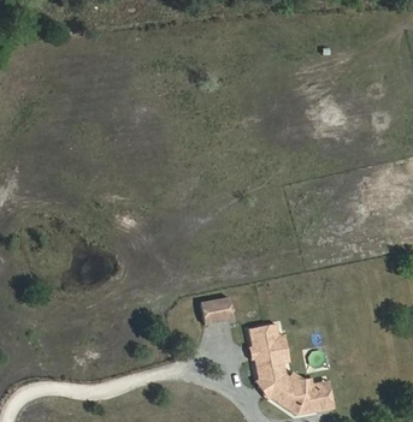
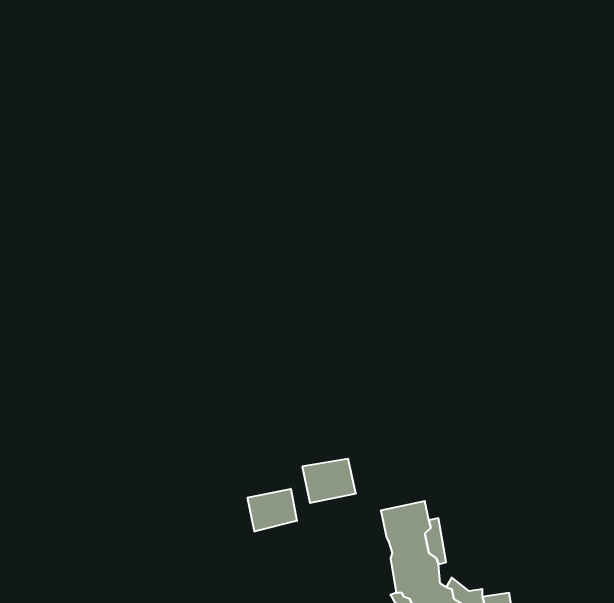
building: none -> [248,489,297,532]

